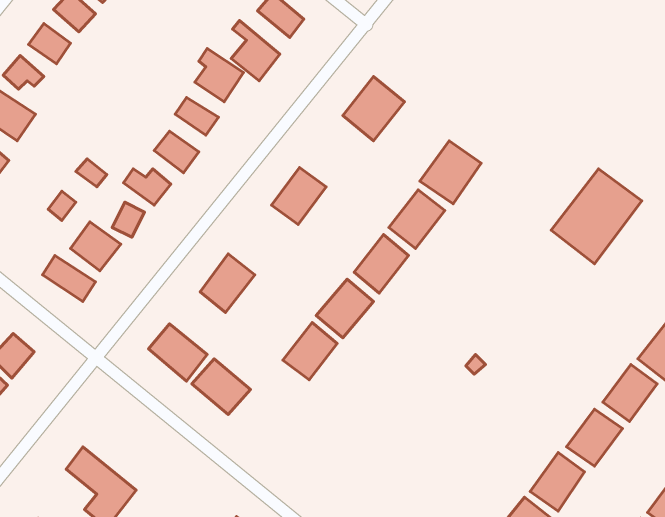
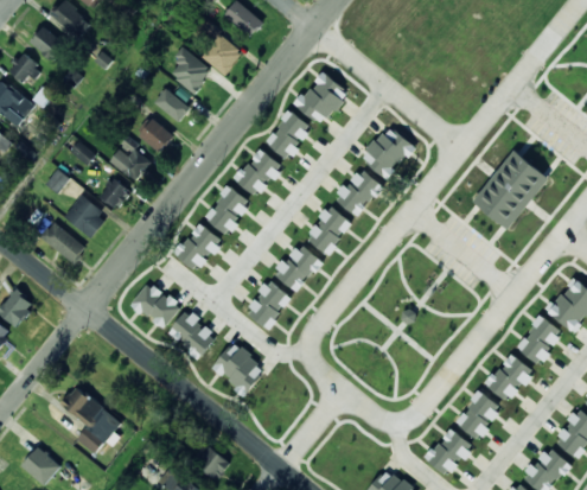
building: none -> [264,110,311,160]
building: none -> [204,186,250,235]
building: none -> [211,342,264,394]

